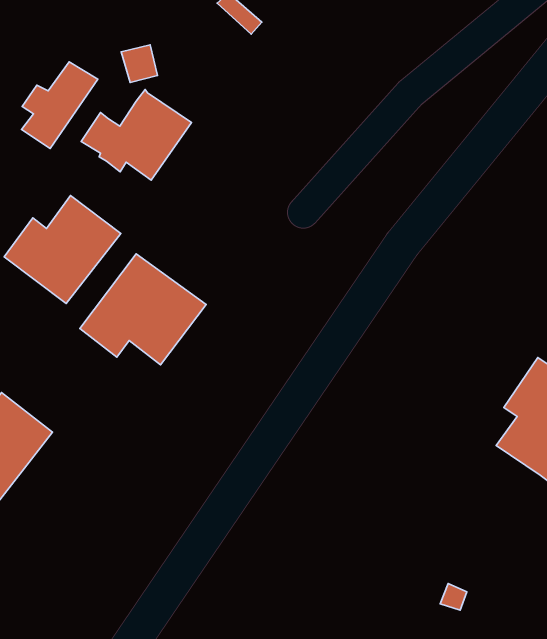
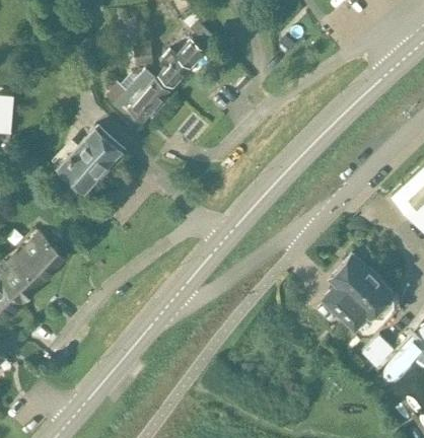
building: [21,62,98,149] -> [158,41,206,89]
building: [80,254,206,365] -> none

